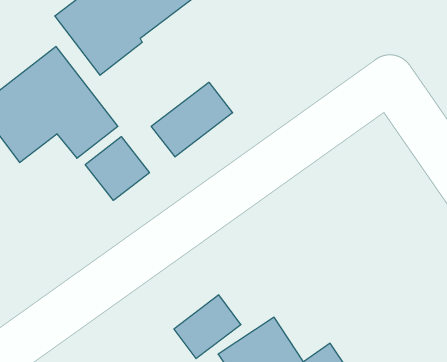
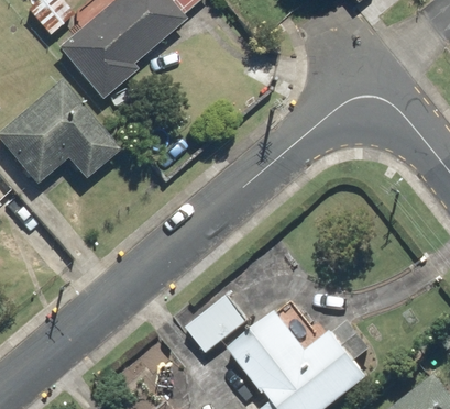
building: [151,82,233,157] -> none
building: [85,137,149,200] -> none

